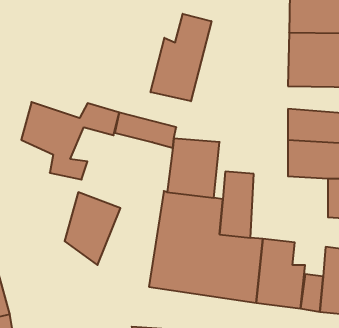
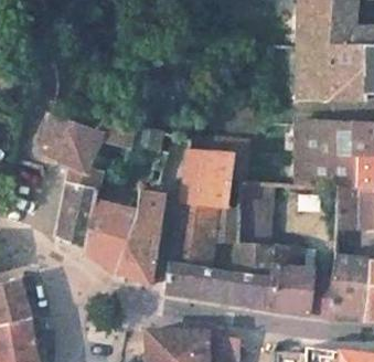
building: [151,14,211,101] -> none
building: none -> [56,182,98,248]
building: none -> [114,189,164,284]

